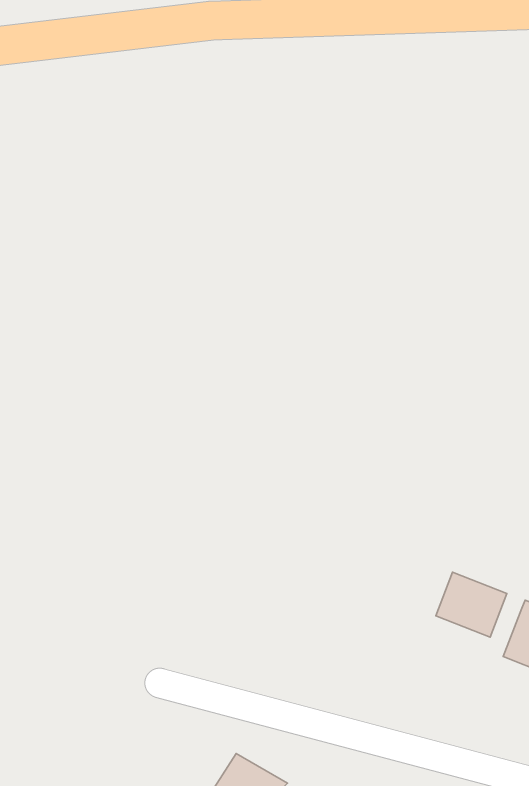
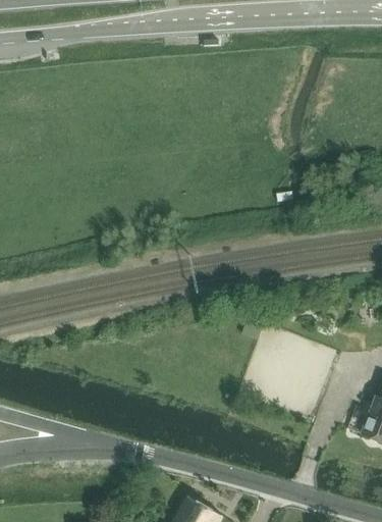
building: [436,572,507,637] -> none

